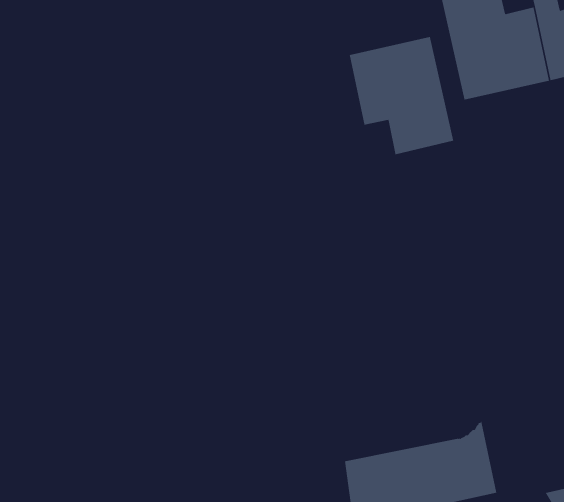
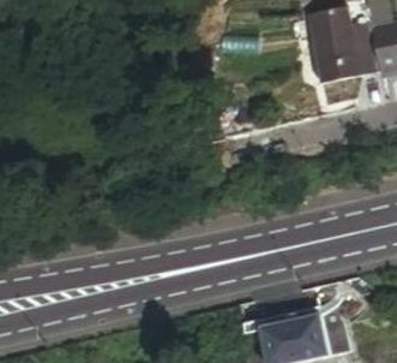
building: [349,36,454,155] -> none

